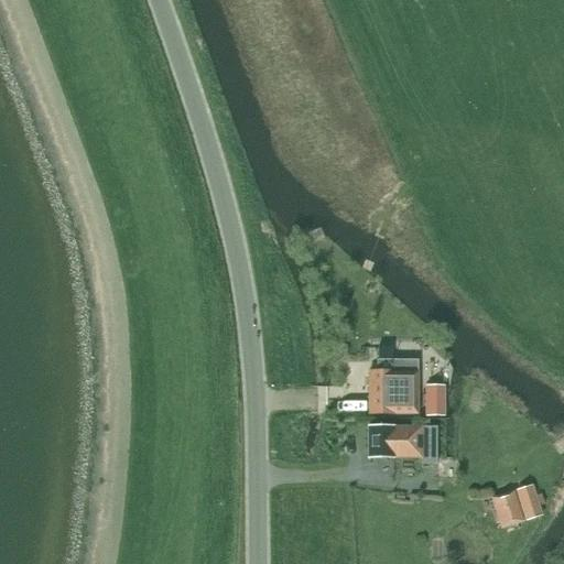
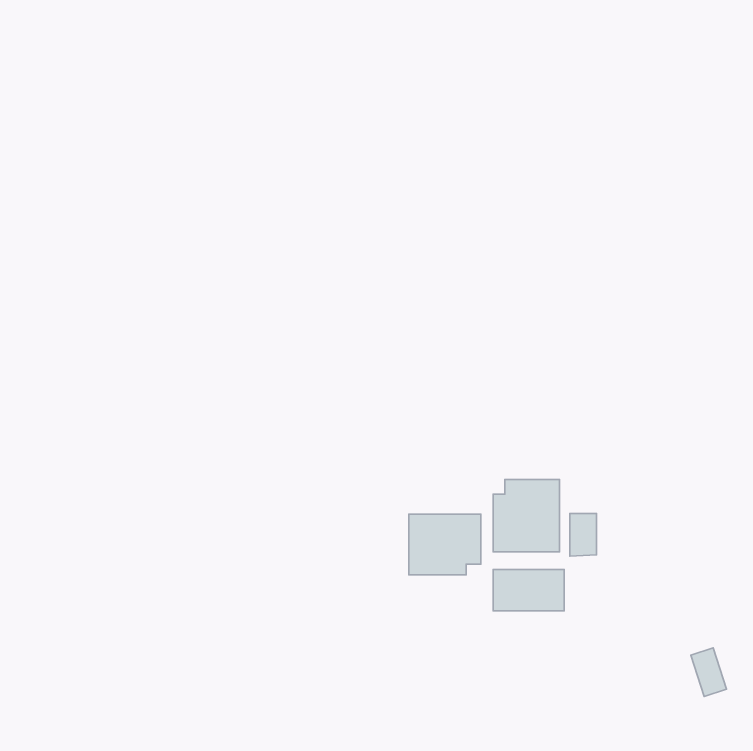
building: none -> [409,514,481,575]
building: [491,490,523,527] -> none

